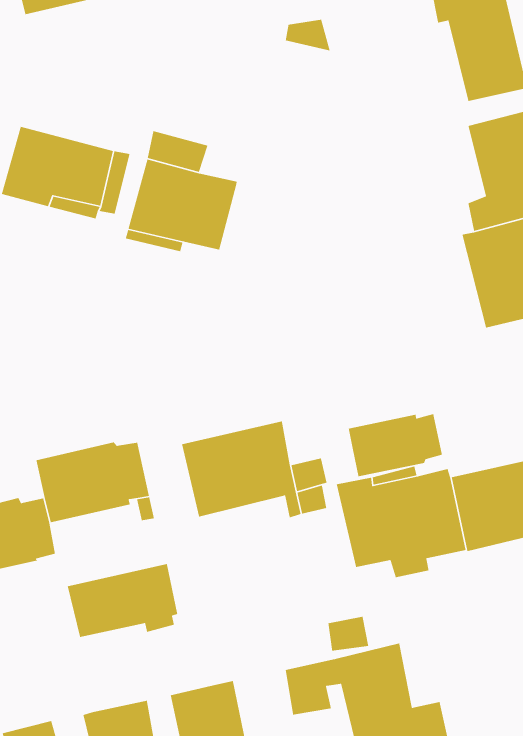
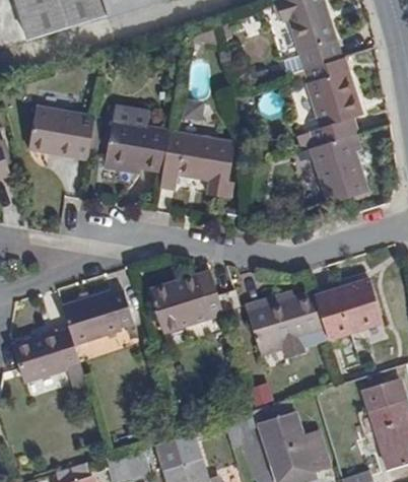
building: none -> [159,130,234,197]
building: [348,413,443,477] -> none
building: [67,563,178,638] -> none

